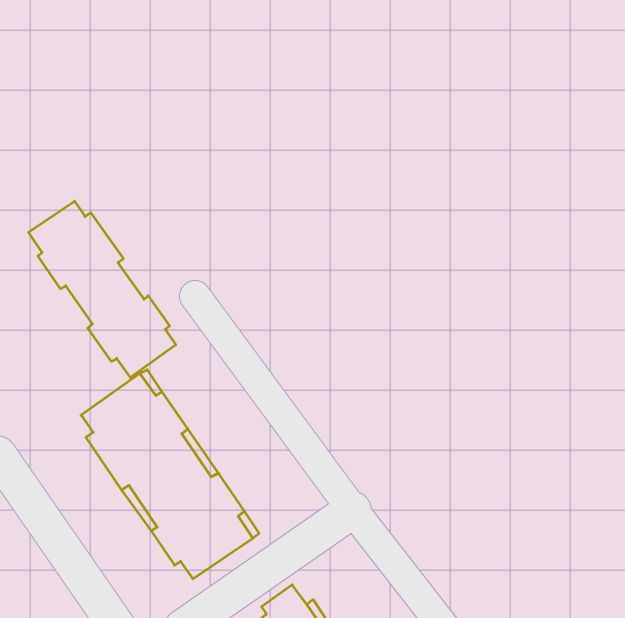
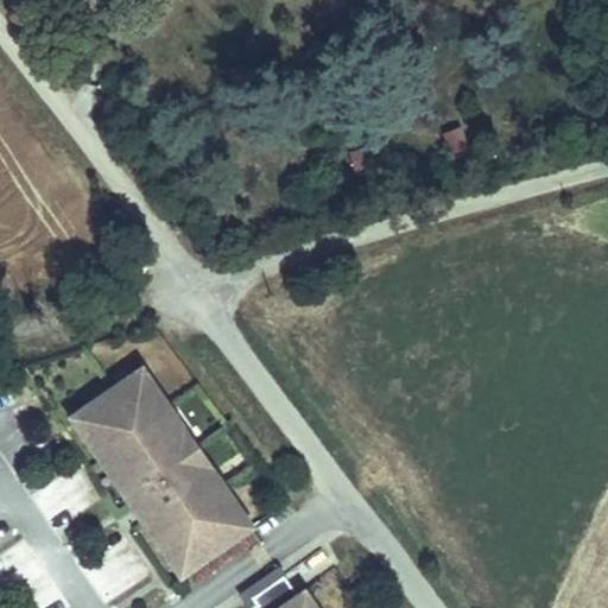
building: [29,201,176,378] -> none

